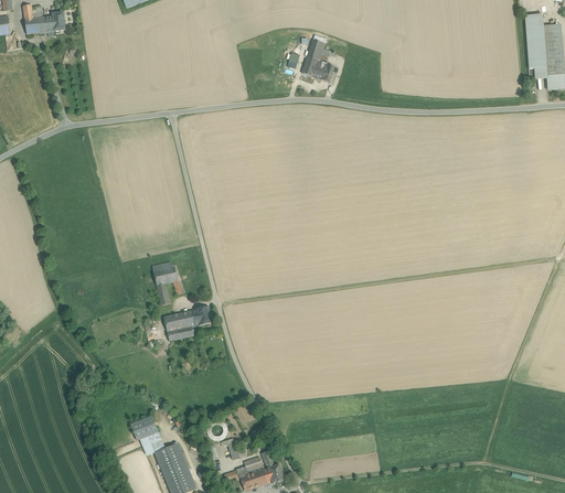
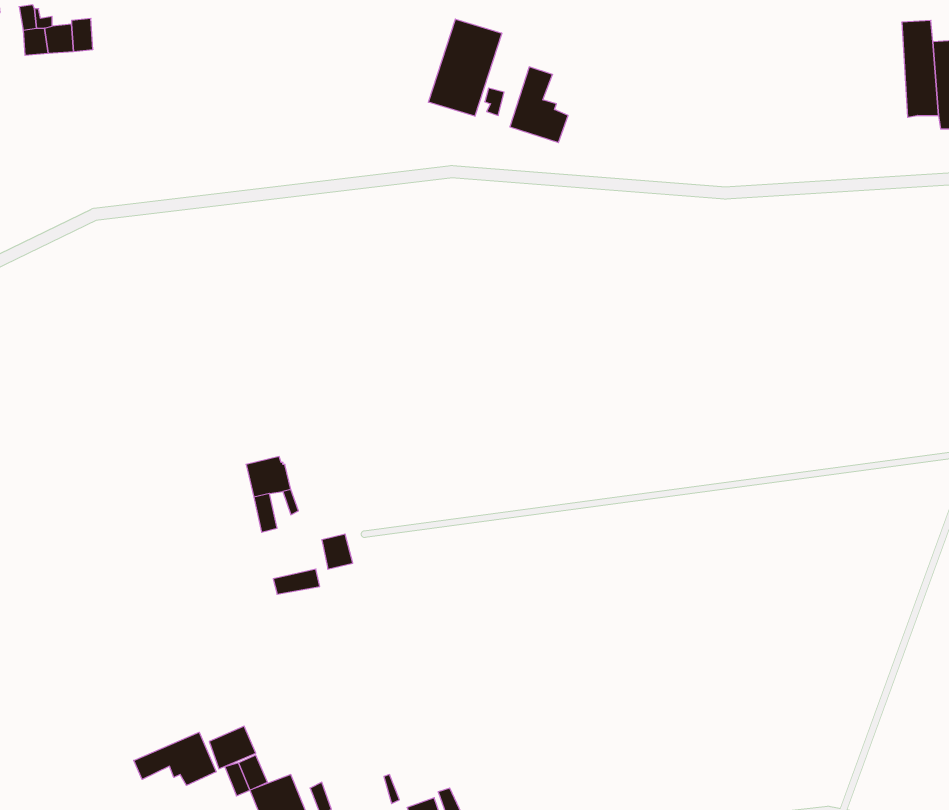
building: none -> [428,19,502,116]
building: [164,309,199,331] -> none
building: none -> [134,732,216,785]

